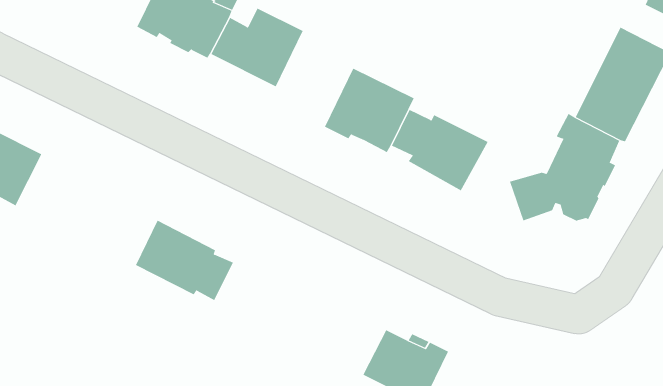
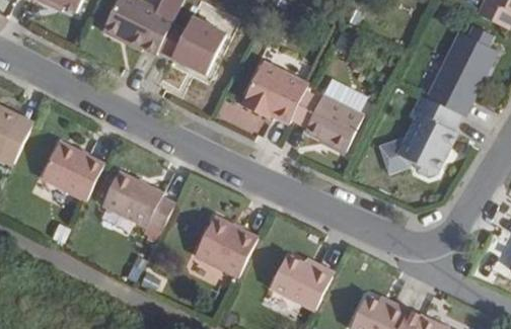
building: none -> [41,141,103,200]
building: none -> [194,215,258,275]

